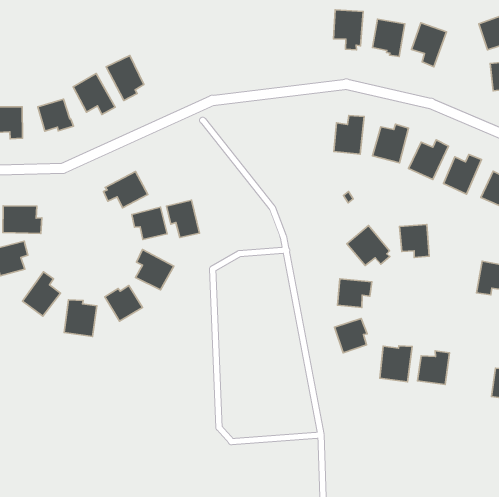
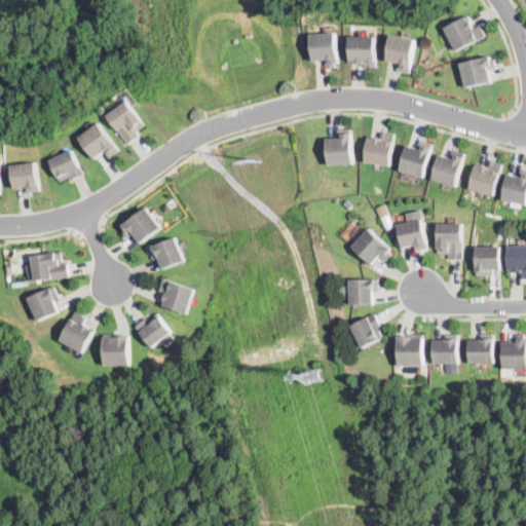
building: [167,200,200,237] -> none
building: none -> [436,224,461,260]
building: none -> [466,334,492,365]

